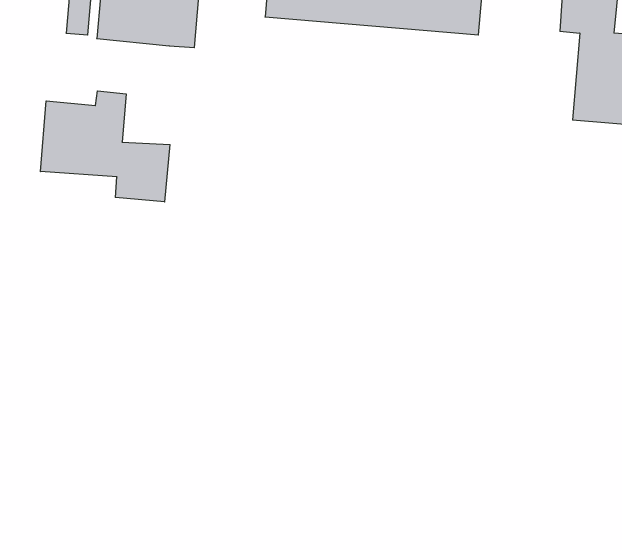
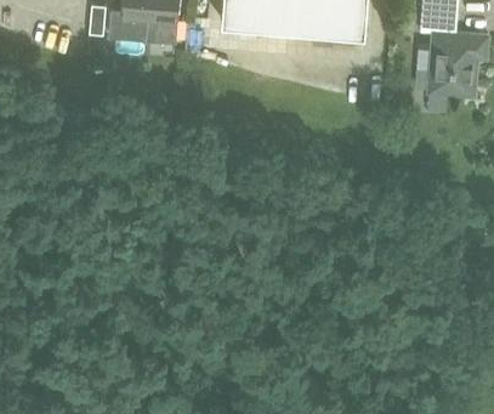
building: [40,91,170,202] -> none

